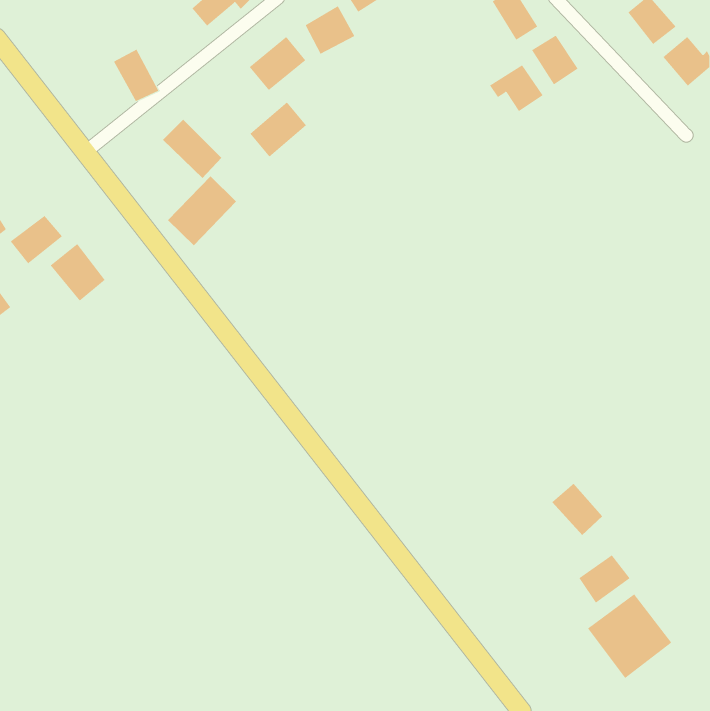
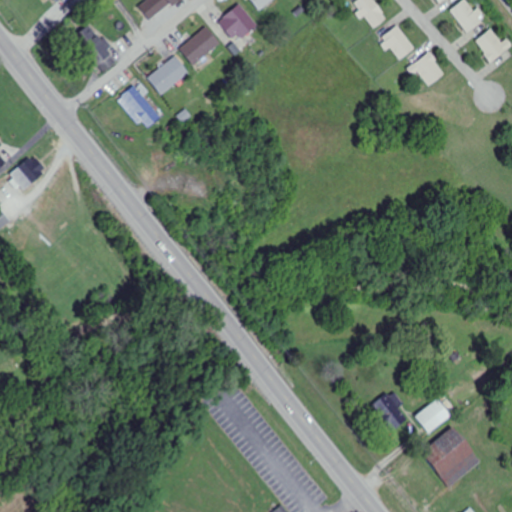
building: [489,64,544,112] -> [406,52,445,86]
building: [250,102,307,157] -> [146,55,187,95]
building: [167,176,237,246] -> none
building: [50,243,105,301] -> none
building: [551,483,603,536] -> [369,392,406,430]

